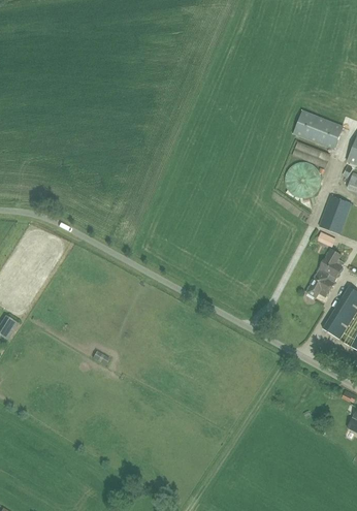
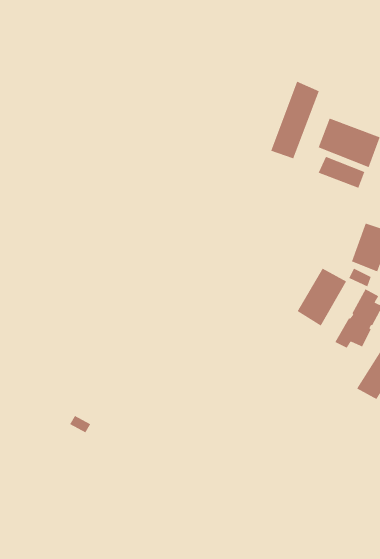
building: none -> [270,81,319,159]
building: none -> [297,268,347,326]

